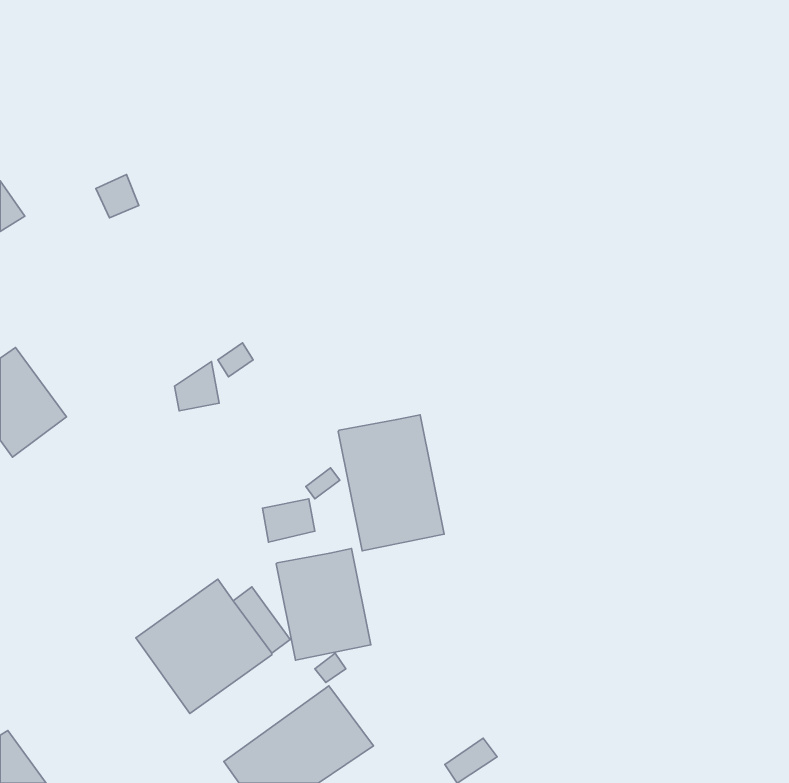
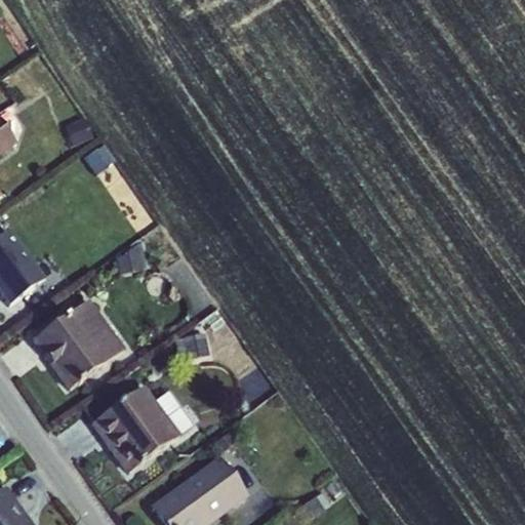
building: [338,415,444,551] -> none
building: none -> [32,298,124,389]
building: [276,549,371,660] -> none

